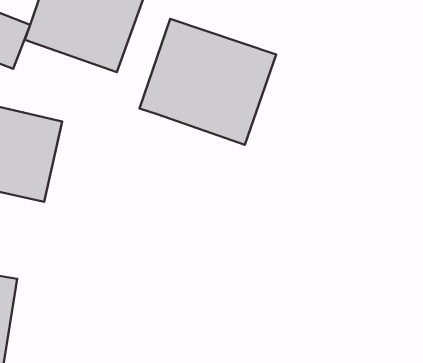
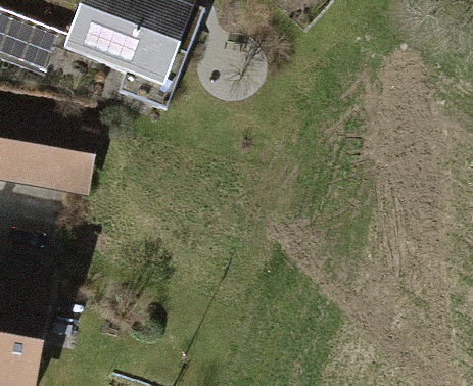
building: [140,19,276,145] -> none

